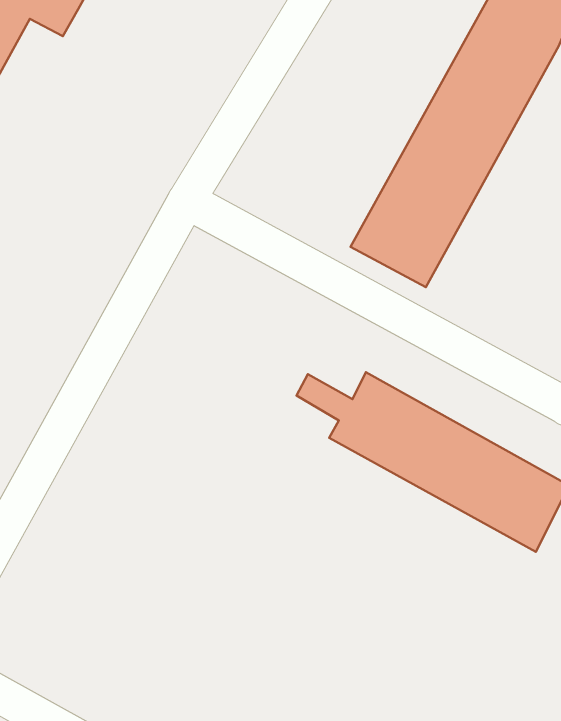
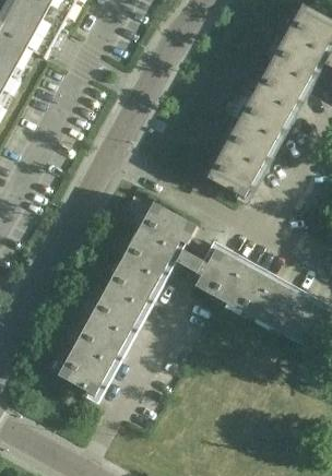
building: none -> [57,200,195,394]

